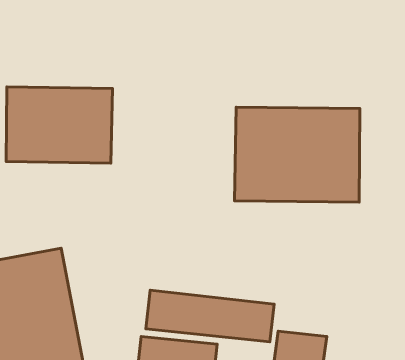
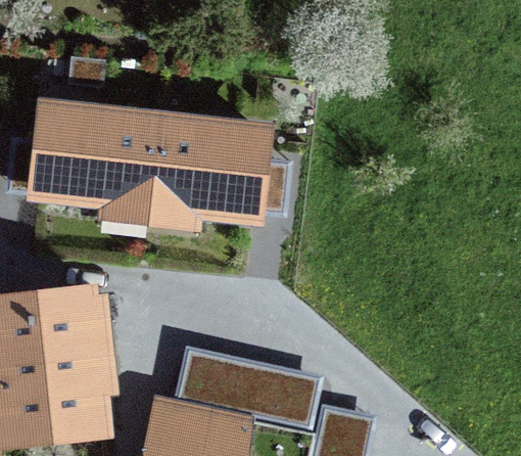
building: none -> [151,121,263,214]
building: [235,107,360,202] -> none

